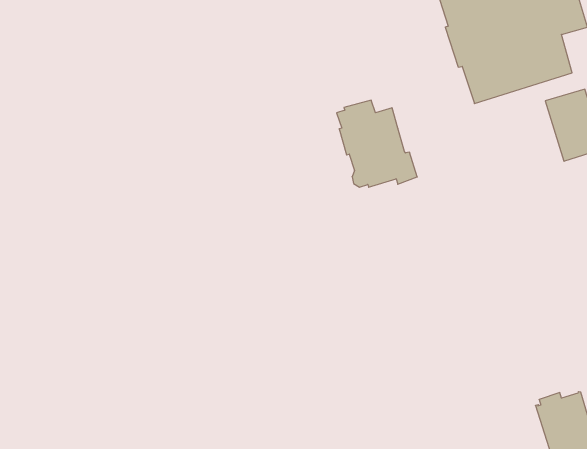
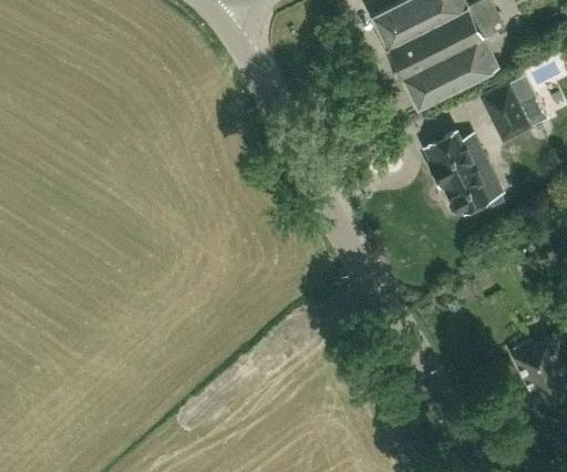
building: [337,100,417,187] -> [431,134,508,209]

